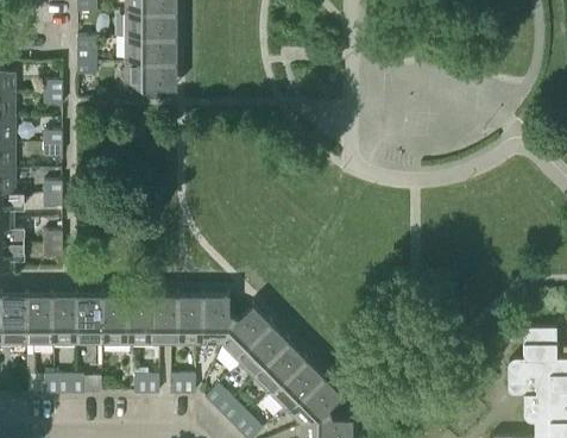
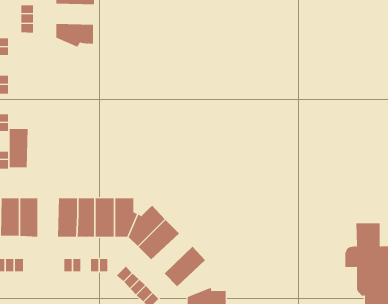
building: [124,36,176,63] -> none
building: [101,294,127,346] -> [9,128,28,168]
building: [251,342,305,395] -> none
building: [285,377,342,426] -> none

